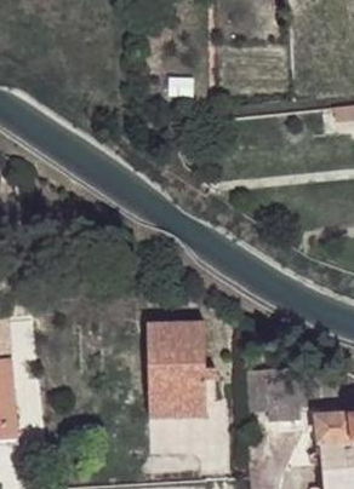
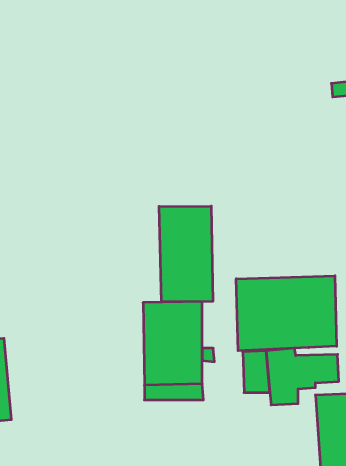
building: none -> [159,206,213,302]
building: none -> [236,276,337,351]

